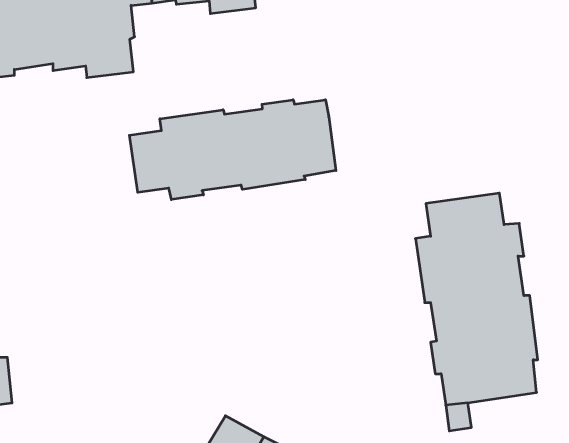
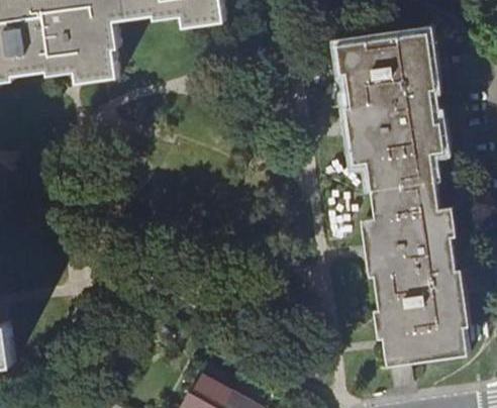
building: none -> [336,32,443,190]
building: [129,100,336,200] -> none

